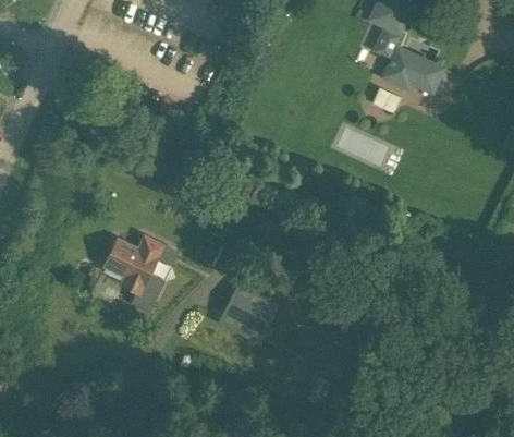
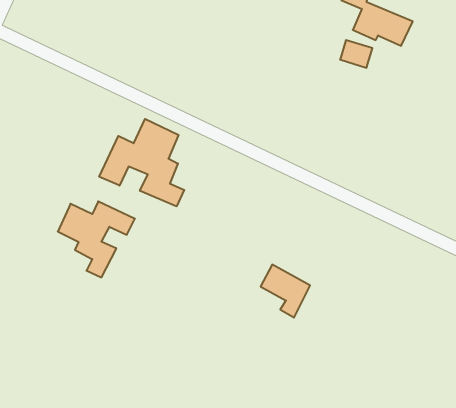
building: none -> [99,119,184,206]
building: [225,290,272,340] -> [261,265,310,318]

